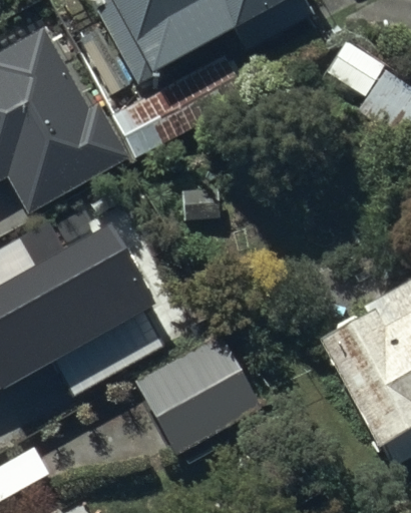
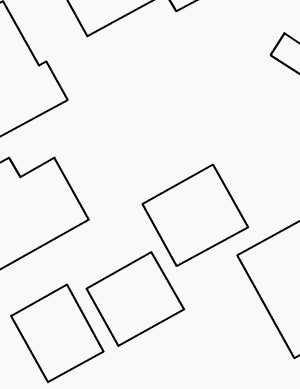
building: none -> [143,165,248,266]
building: none -> [11,285,104,382]

